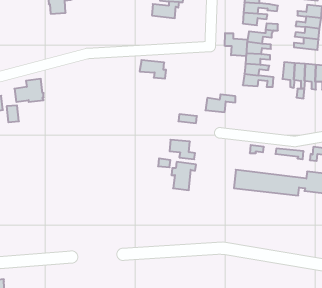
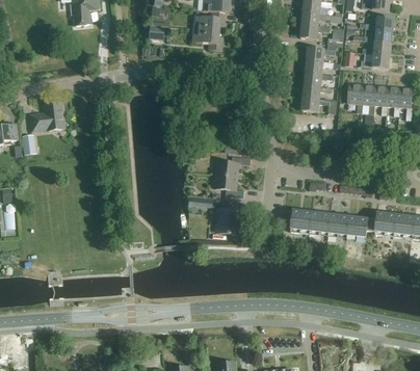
building: [225,33,247,56] -> none
building: [140,60,166,79] -> [191,27,222,49]
building: [205,94,235,112] -> [215,155,251,176]

